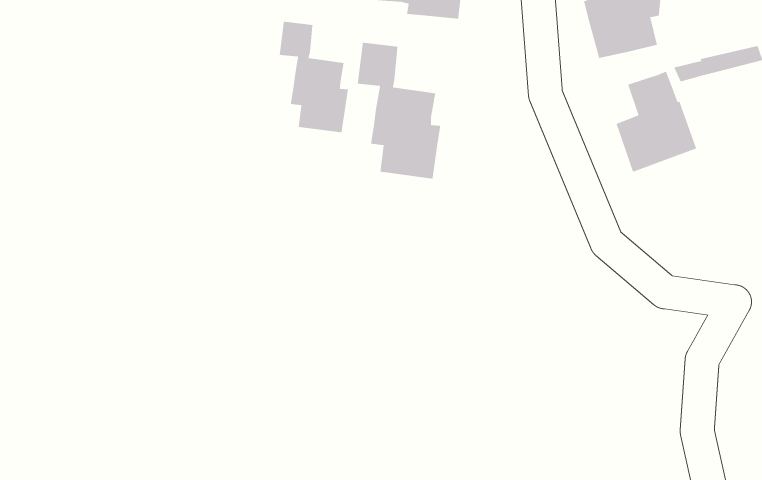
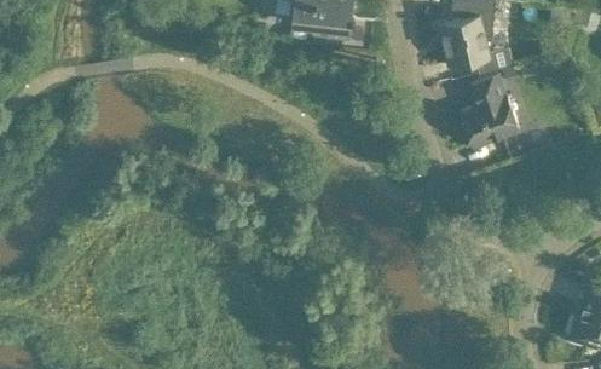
building: [279,21,349,133] -> none
building: [357,42,441,179] -> none

